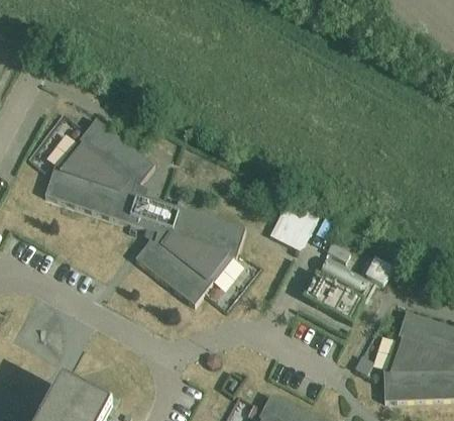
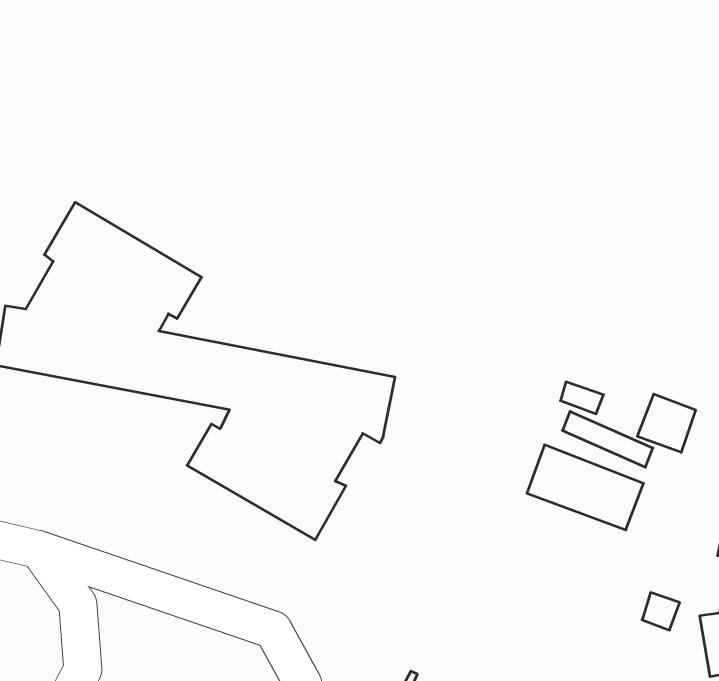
building: [271,201,321,249] -> none

